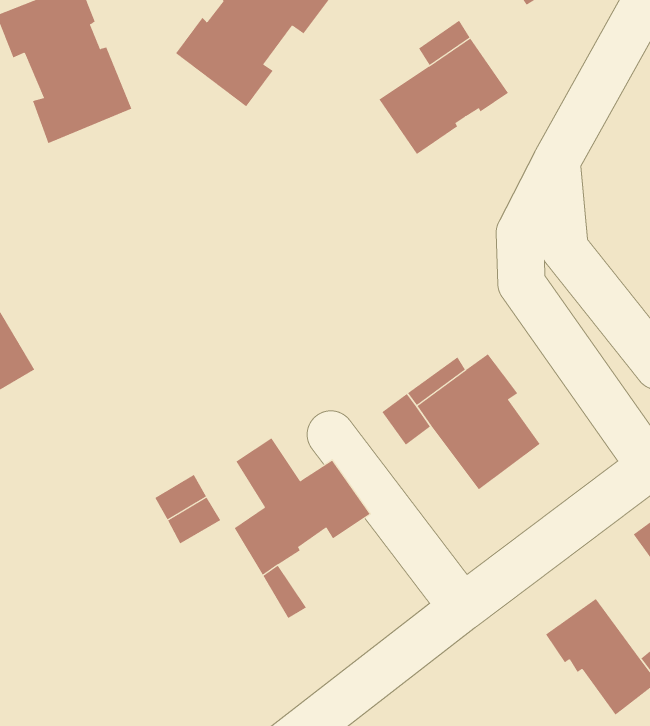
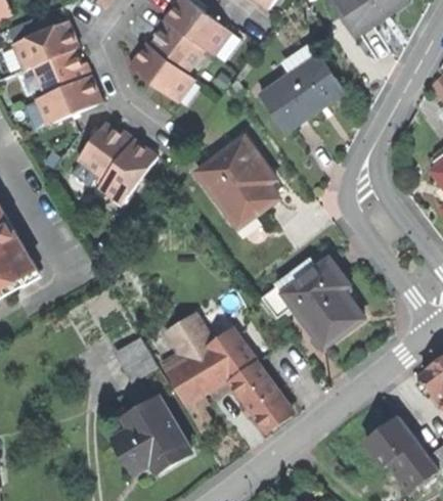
building: none -> [76,122,156,203]
building: none -> [196,138,278,228]
building: none -> [229,363,290,429]
building: none -> [117,397,191,472]

